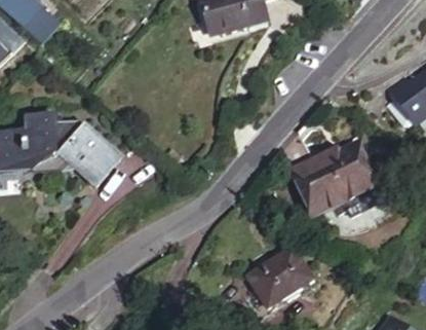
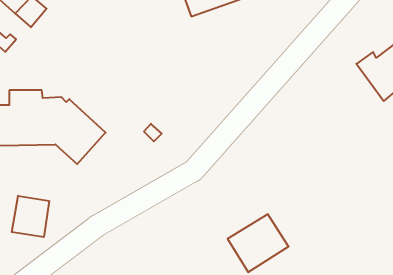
building: [286,121,381,208] -> none
building: none -> [12,196,49,237]

